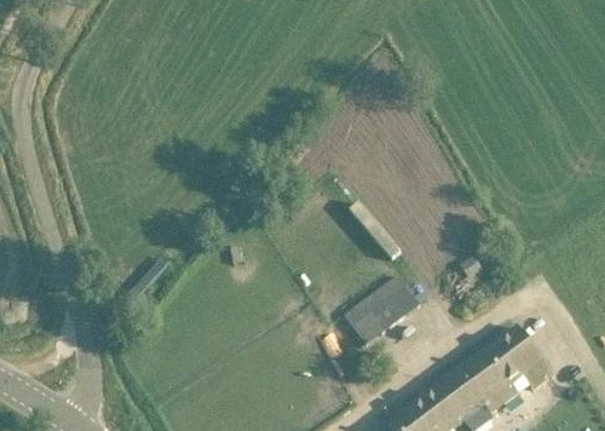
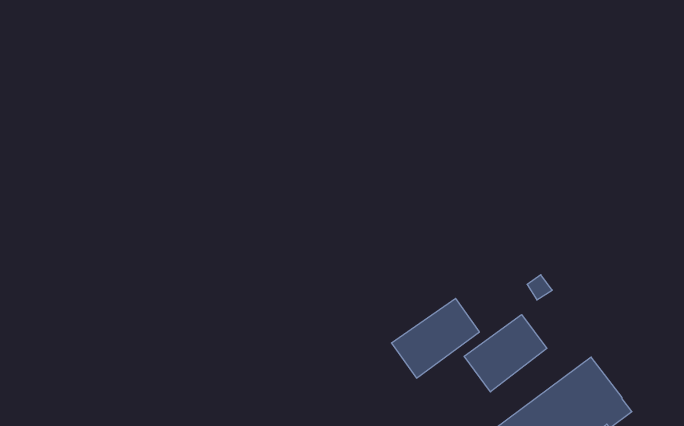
building: none -> [464,315,547,392]

